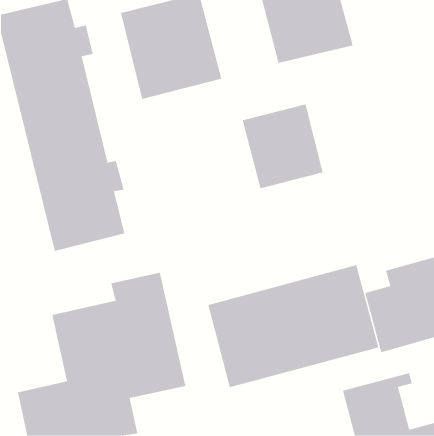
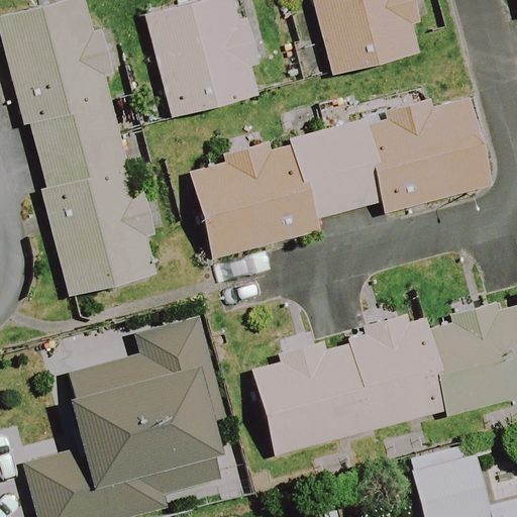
building: none -> [366,96,489,212]
building: none -> [189,141,313,256]

